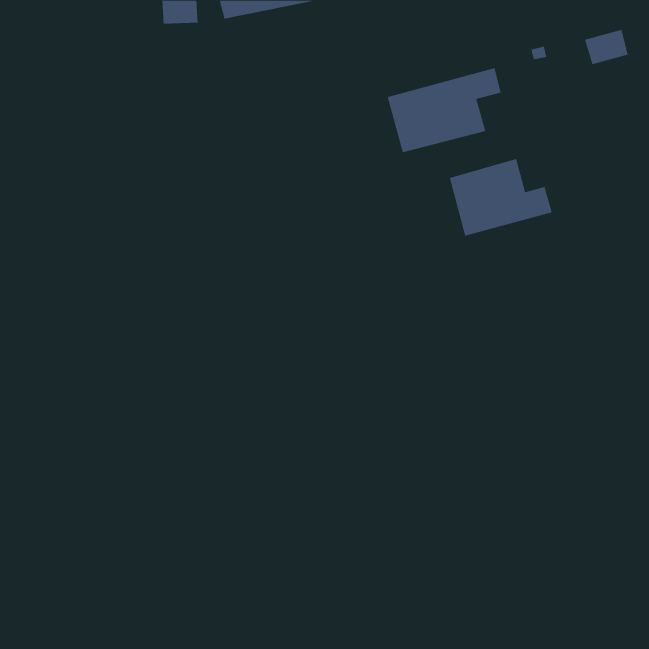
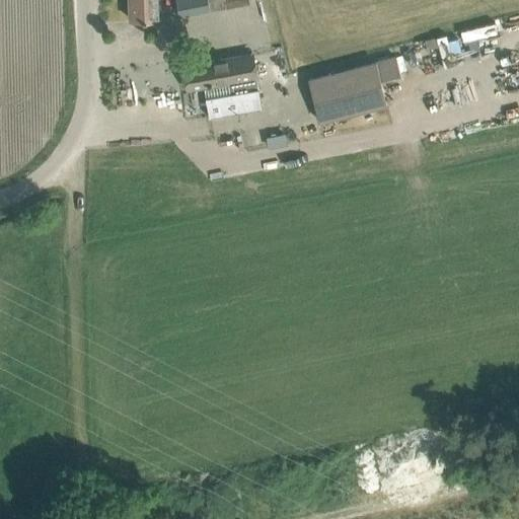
building: none -> [182,56,261,118]
building: [449,158,552,236] -> none

